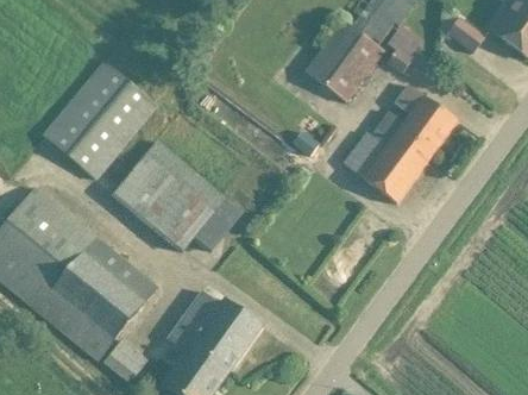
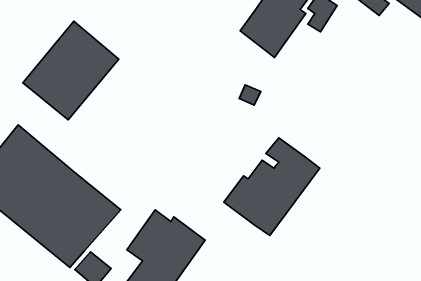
building: [342,83,459,202] -> [224,138,320,235]
building: [112,139,243,252] -> none

